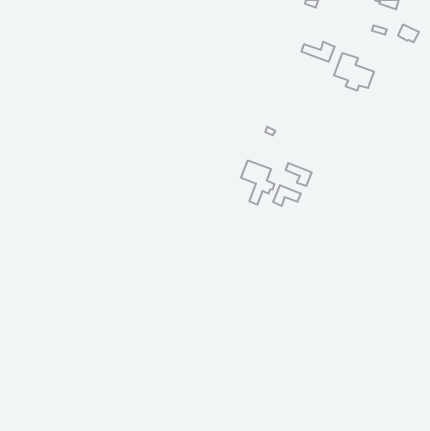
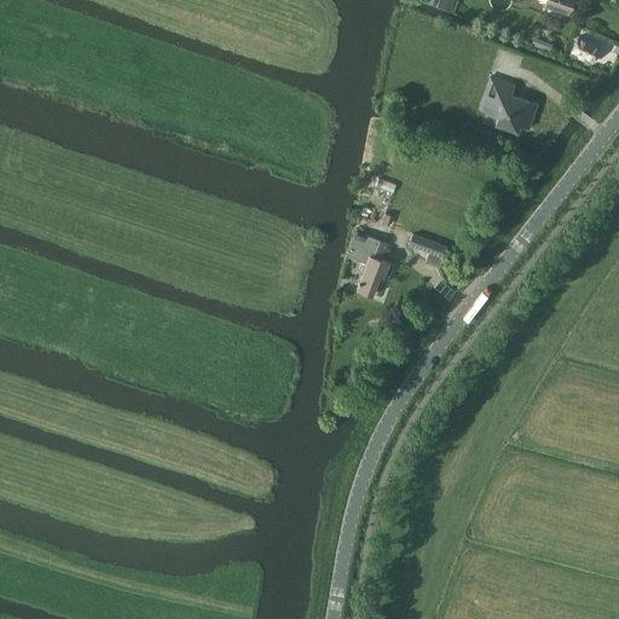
building: [301,42,335,62] -> none
building: [273,185,301,206] -> none

